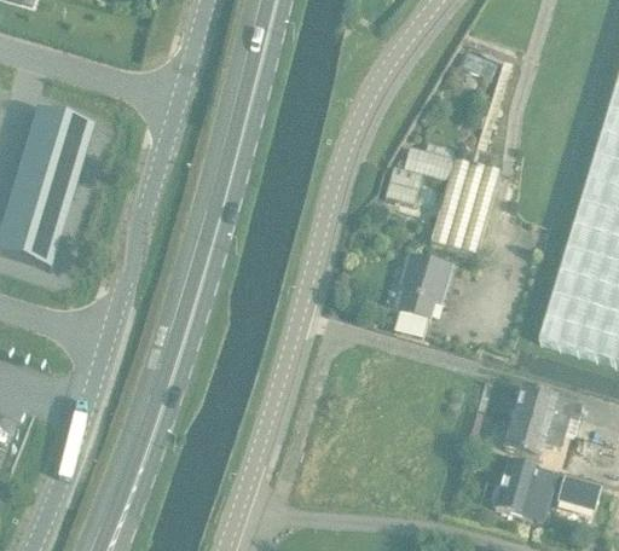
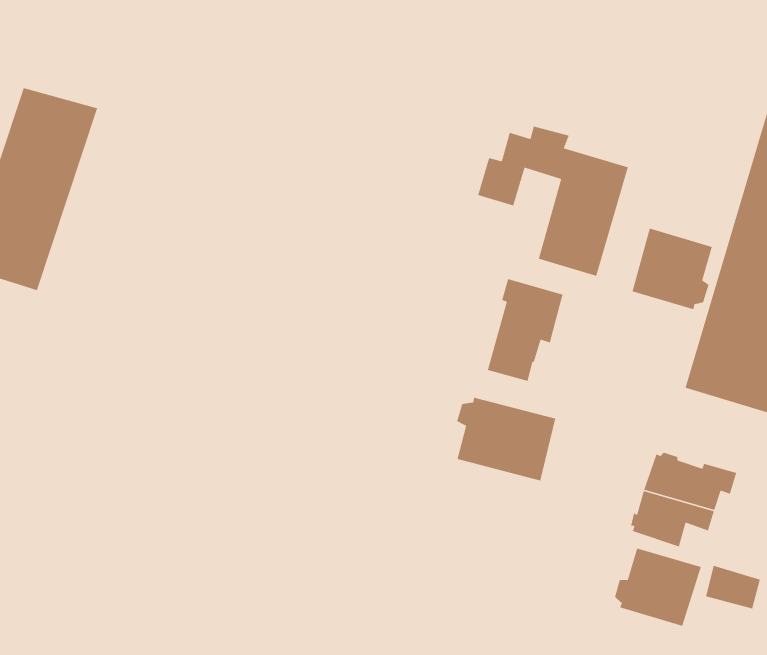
building: none -> [631,228,713,310]
building: none -> [456,397,556,482]

